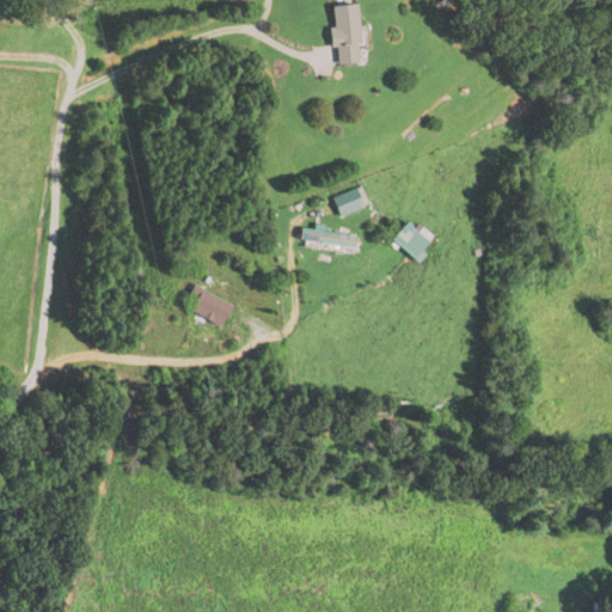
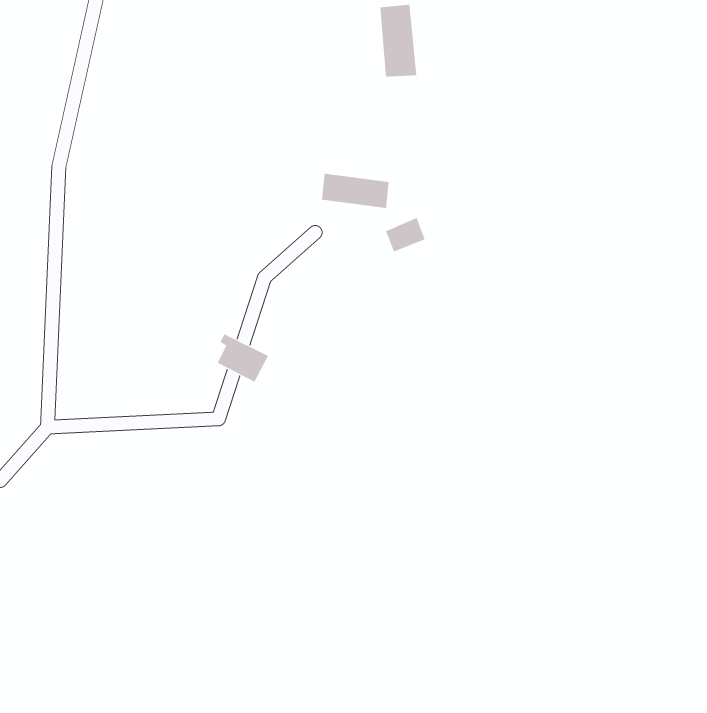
building: [396,221,434,258] -> none
building: [301,225,360,255] -> [321,173,390,208]

